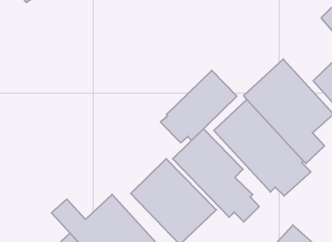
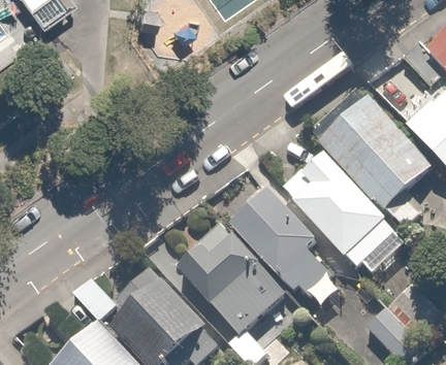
building: [161,70,237,143] -> none

